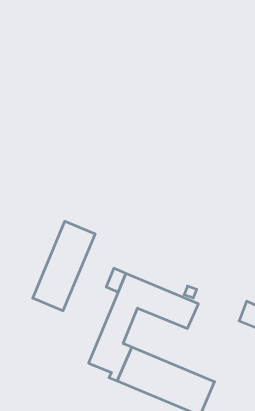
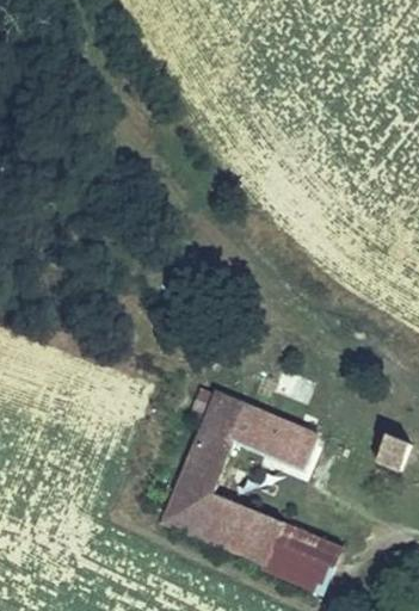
building: [33,221,95,311] -> none

